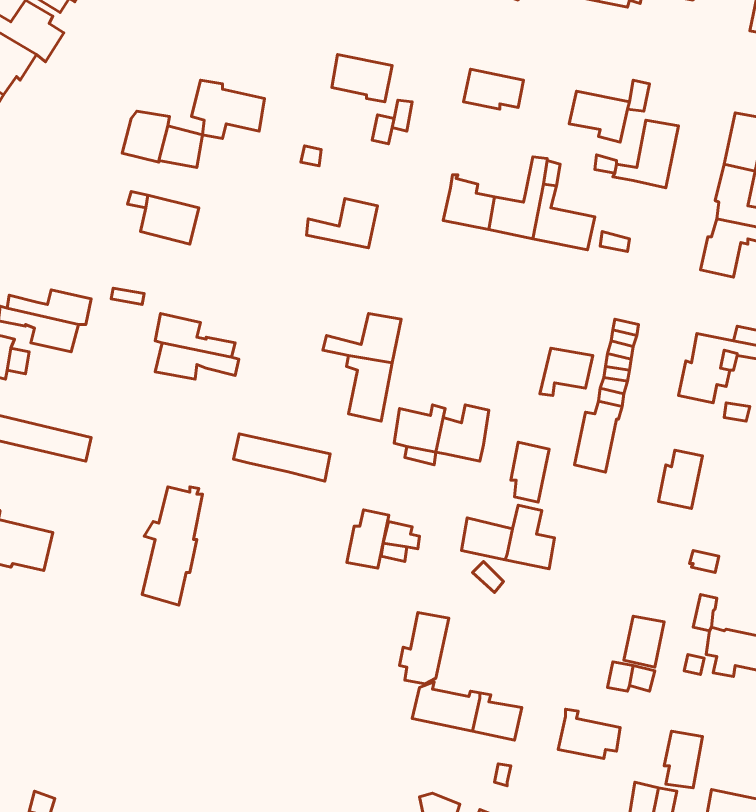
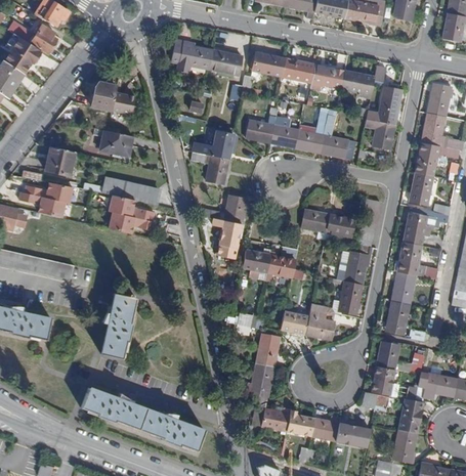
building: none -> [253,52,286,77]
building: [192,80,264,138] -> [170,40,211,73]
building: none -> [310,64,345,90]
building: none -> [246,120,274,143]
building: none -> [372,121,395,149]
building: none -> [43,146,73,176]
building: none -> [192,152,228,184]
building: none -> [409,171,433,206]
building: none -> [301,209,331,241]
building: none -> [398,242,438,279]
building: [234,434,330,481] -> [103,179,158,206]
building: [511,442,549,502] -> [340,280,362,314]
building: none -> [387,301,410,334]
building: [347,510,389,568] -> [256,334,280,366]
building: none -> [377,341,399,369]
building: none -> [80,387,204,450]
building: none -> [398,399,422,433]
building: none -> [310,416,339,440]

